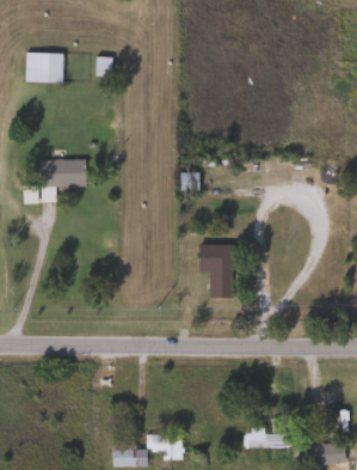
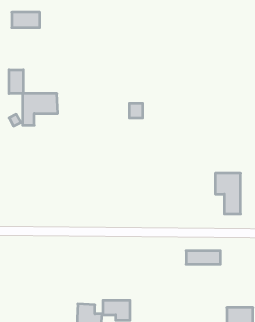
building: none -> [9,70,23,94]
building: [199,245,233,299] -> [215,173,241,214]
building: [246,432,291,450] -> [186,251,220,264]

